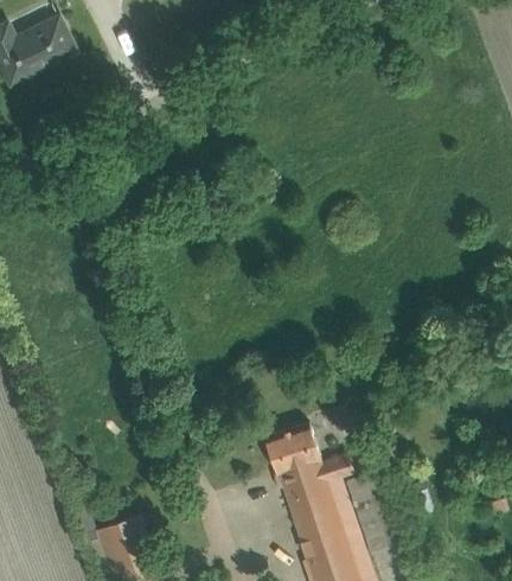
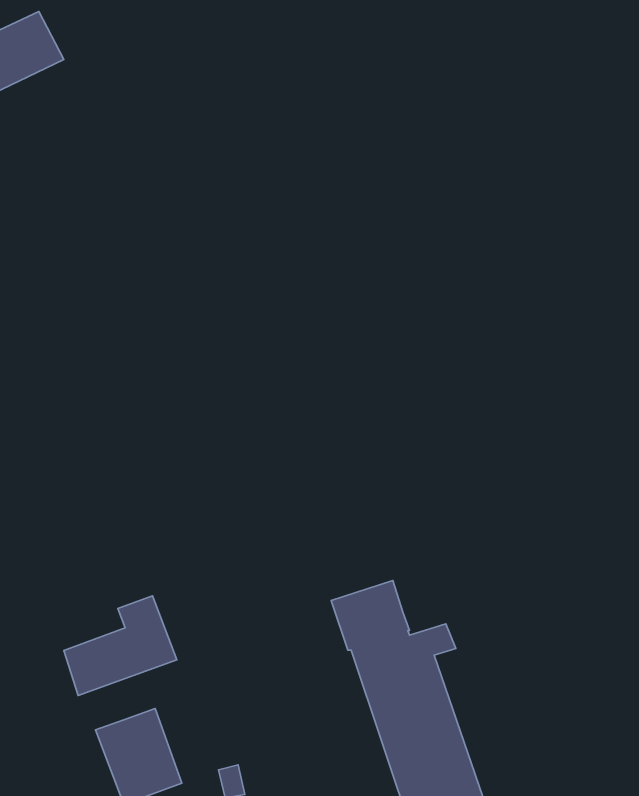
building: none -> [64,596,177,695]

